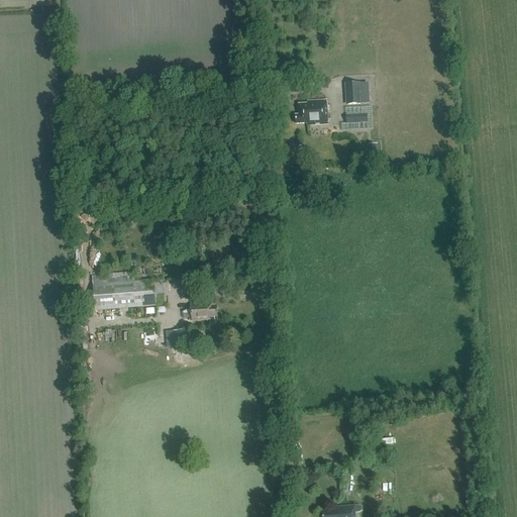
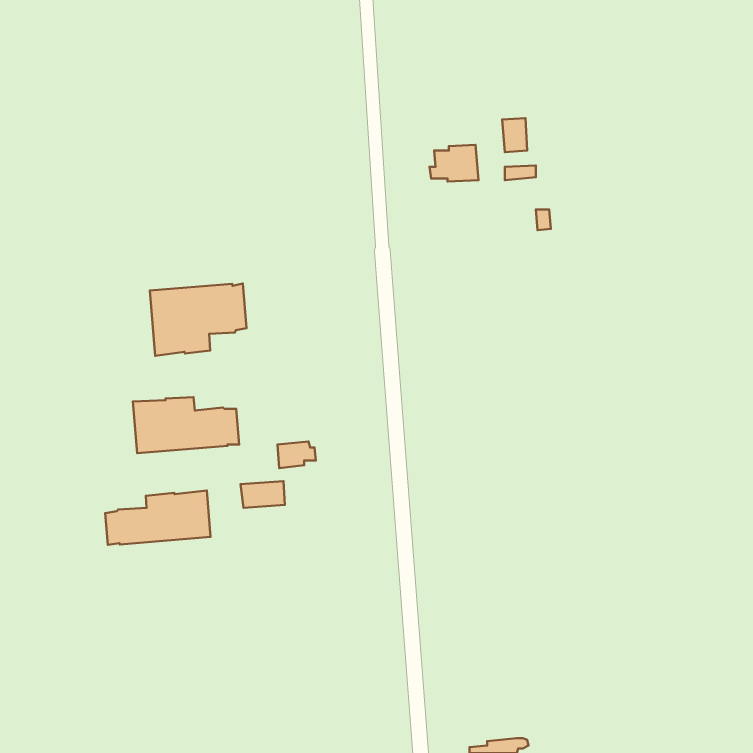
building: none -> [150,284,247,356]
building: none -> [105,490,210,545]

